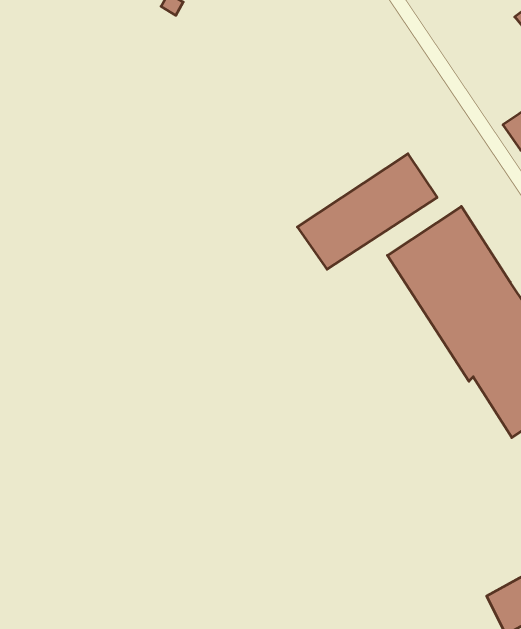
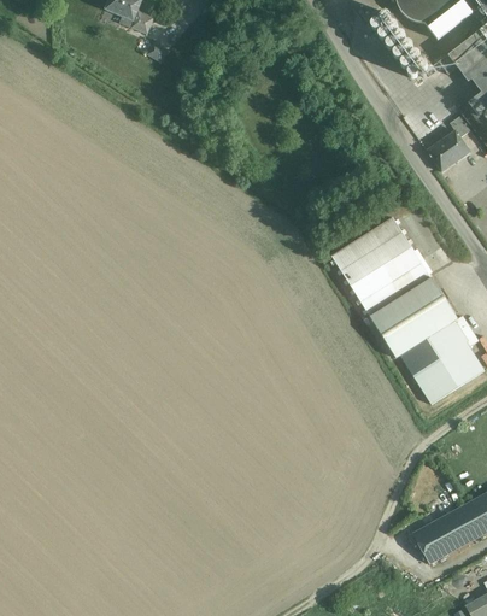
building: [297,154,437,269] -> none

